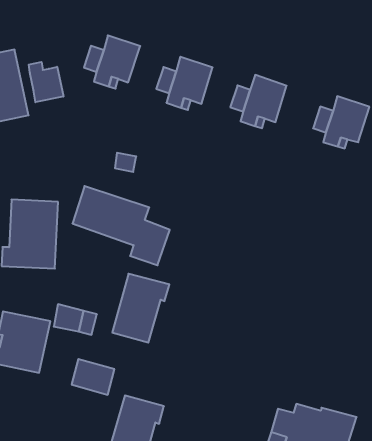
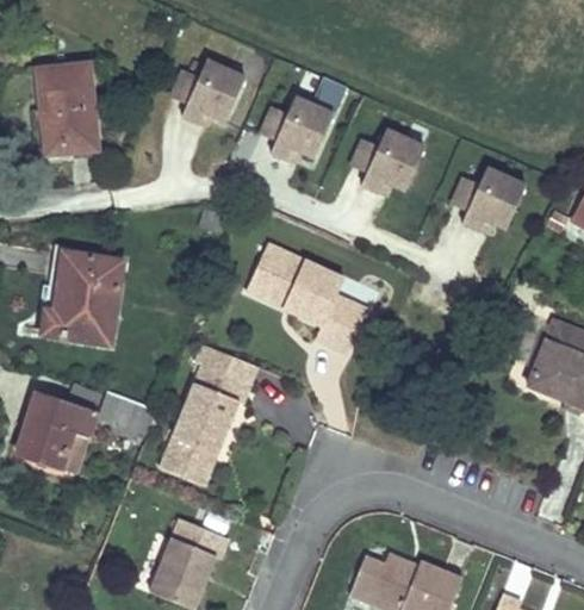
building: [29,62,63,102] -> none
building: [72,186,170,265] -> [246,244,367,354]
building: [72,359,114,395] -> [159,434,215,483]

